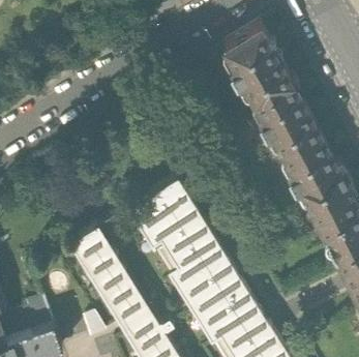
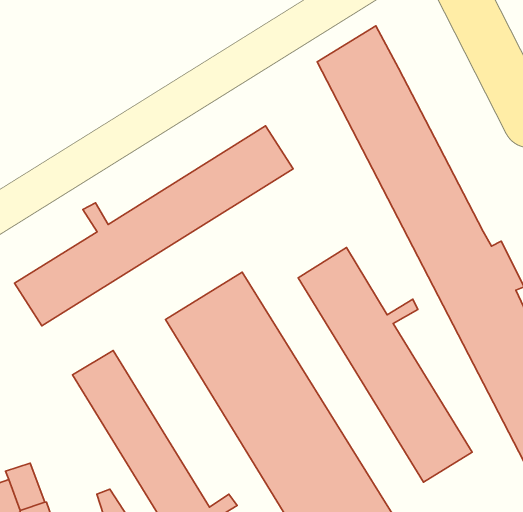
building: none -> [15,126,293,326]
building: none -> [298,247,472,482]

